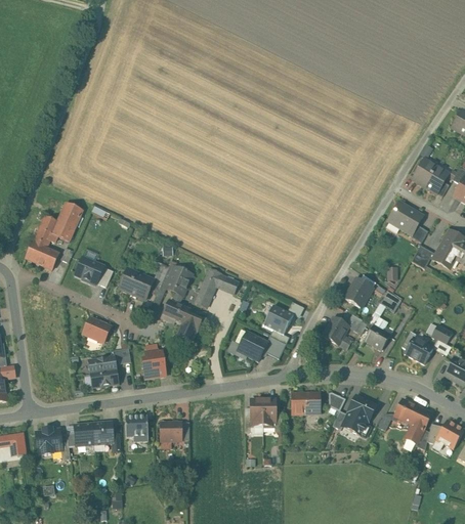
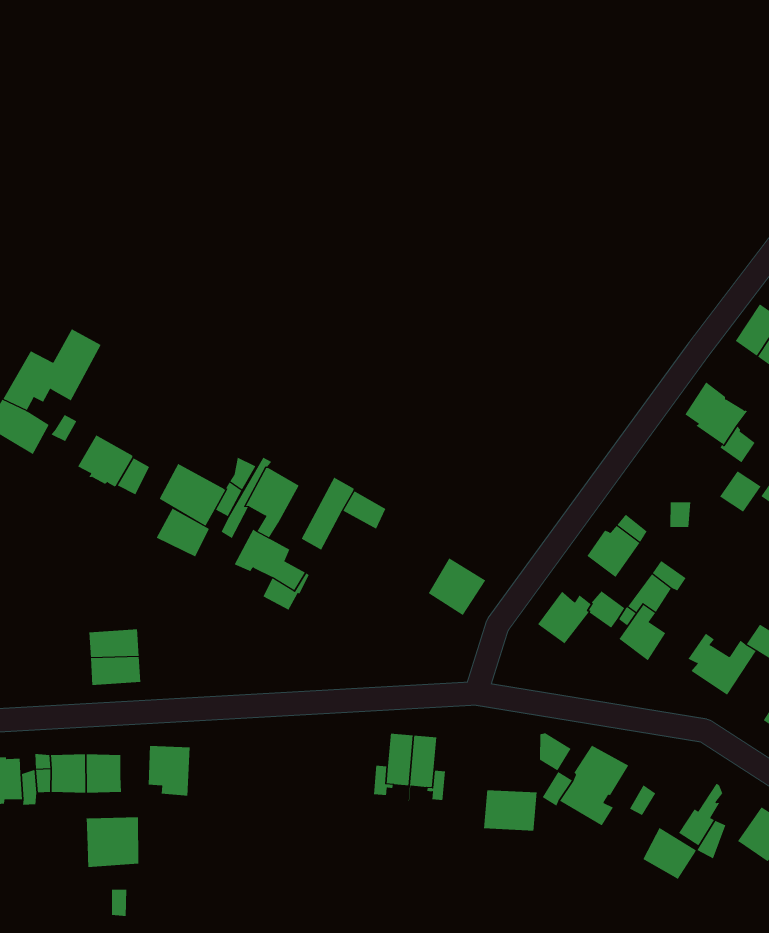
building: [82,317,110,342] -> [156,508,210,557]
building: [237,332,266,361] -> none
building: [141,349,165,379] -> none
building: [292,393,319,414] -> [483,790,538,831]
building: [394,399,422,426] -> [643,827,696,880]
building: [160,423,180,441] -> none
building: none -> [86,816,139,868]

